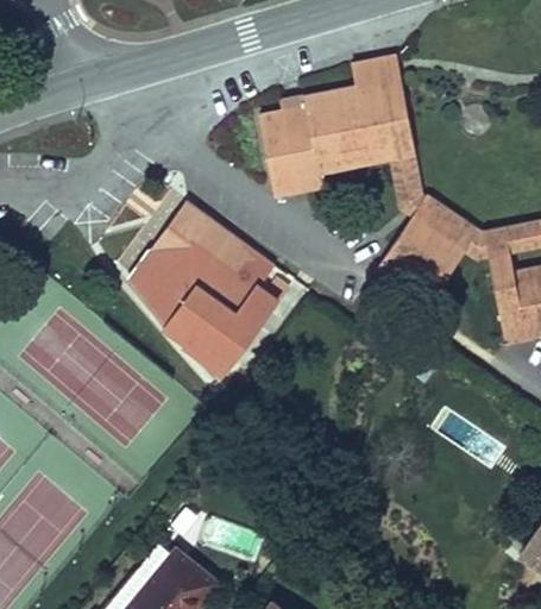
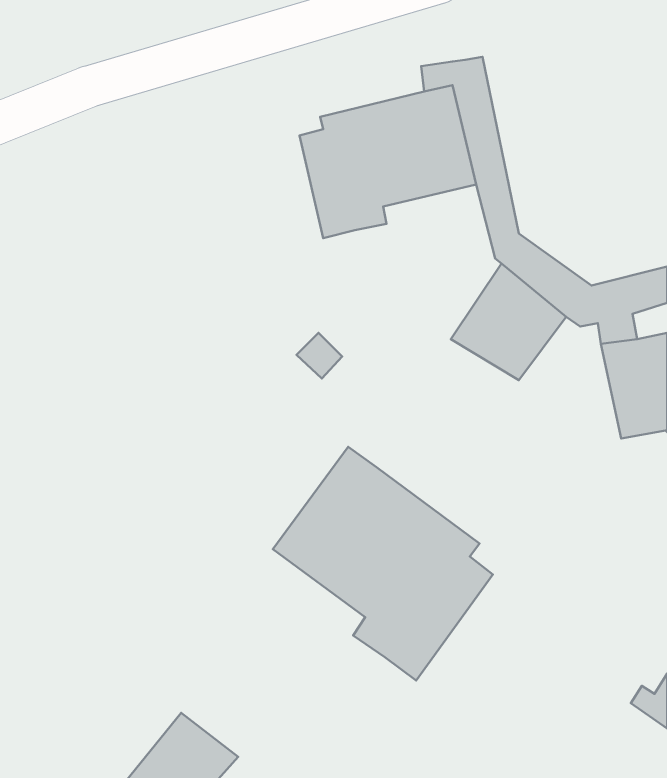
building: [125,200,272,378] -> none
building: none -> [273,447,493,680]

